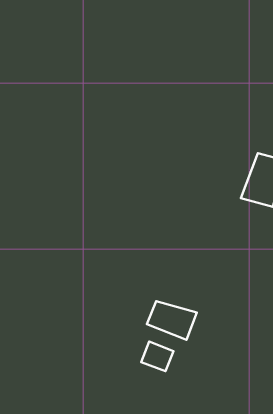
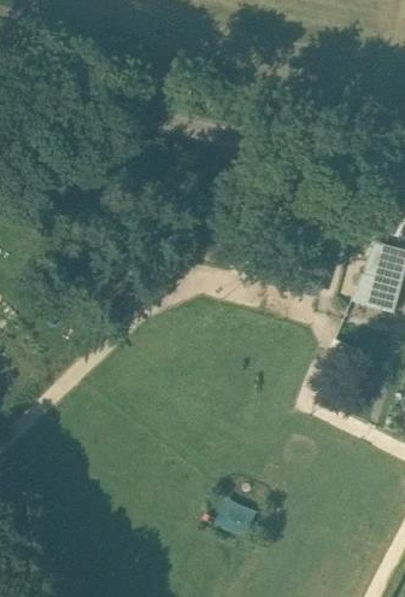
building: [147,301,197,340] -> none

